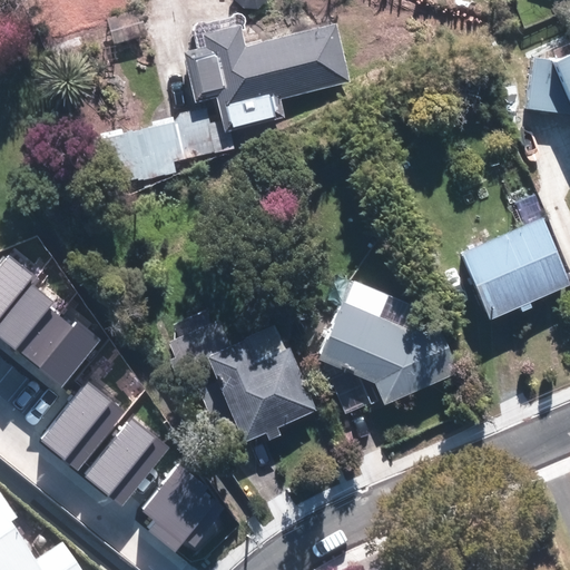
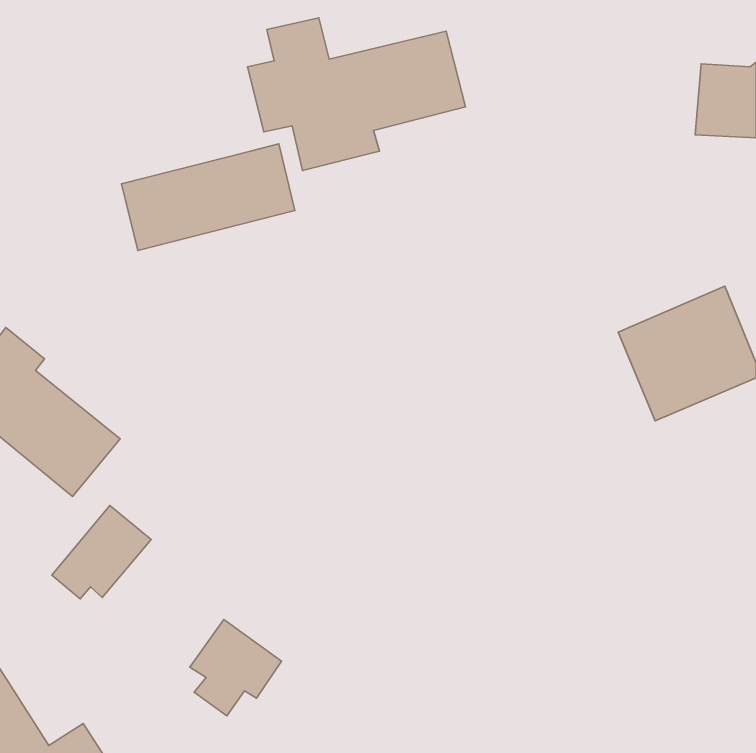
building: [320,282,461,414] -> none
building: [209,341,316,441] -> none
building: [86,421,160,490] -> none

